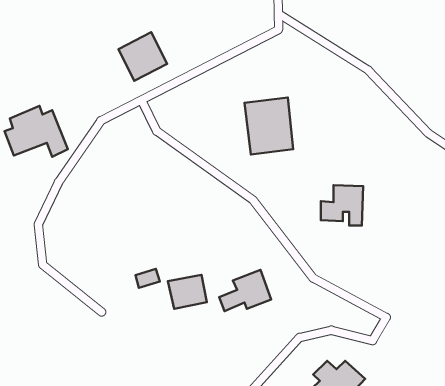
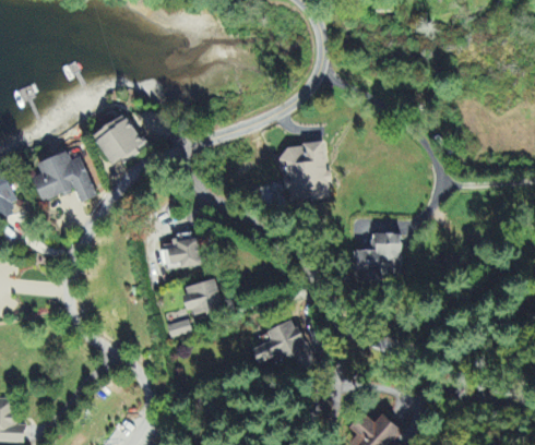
building: [118,32,167,81] -> [93,116,143,166]
building: none -> [160,232,202,268]
building: [168,275,207,309] -> [182,280,223,315]

